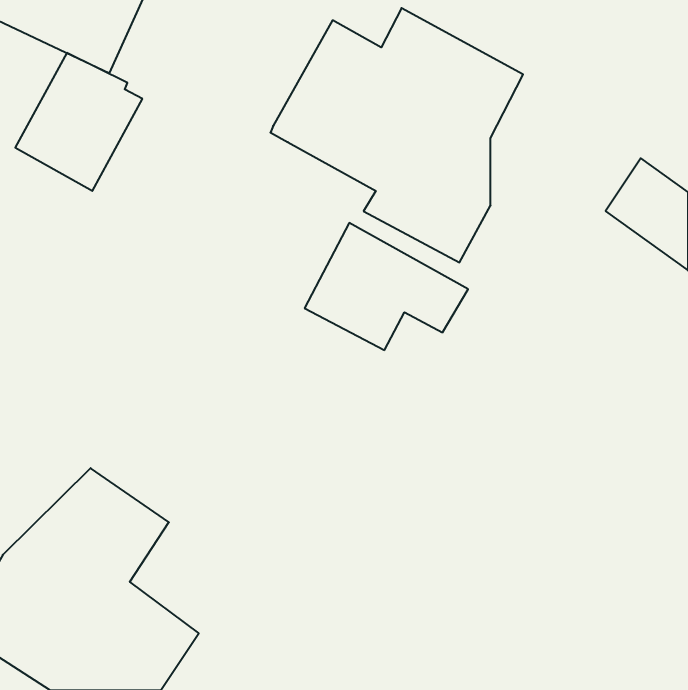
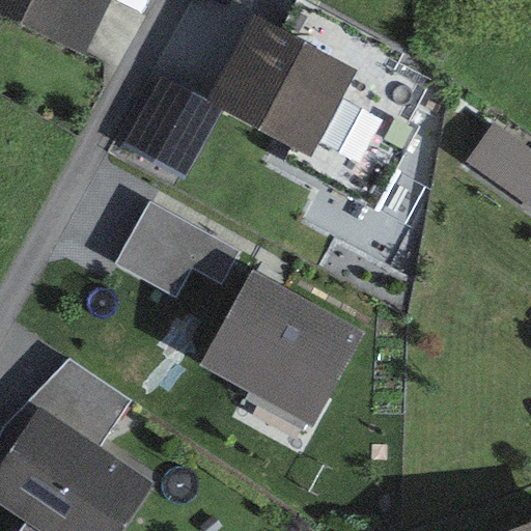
building: [15,53,142,191] -> [123,74,221,179]
building: [305,223,468,350] -> [114,200,240,298]
building: none -> [197,269,364,427]

